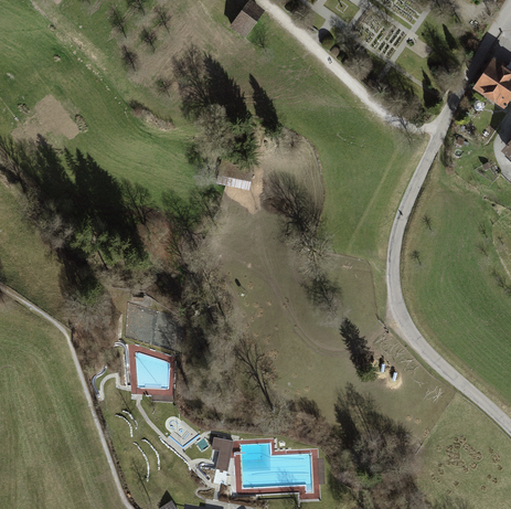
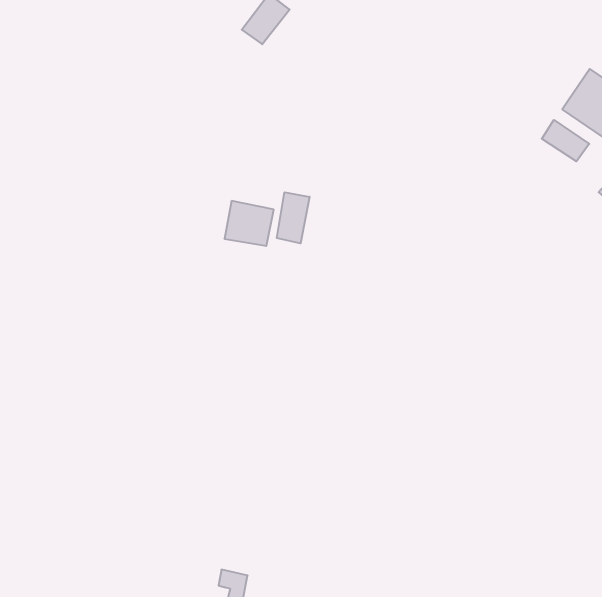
building: none -> [542,120,589,161]
building: none -> [277,192,310,243]

